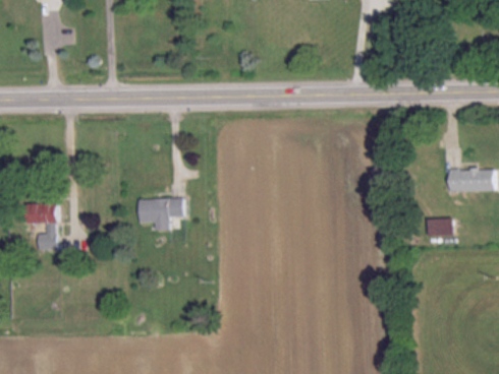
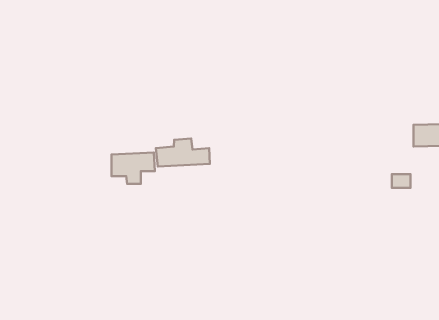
building: none -> [156,139,210,166]
building: [27,203,56,249] -> none

